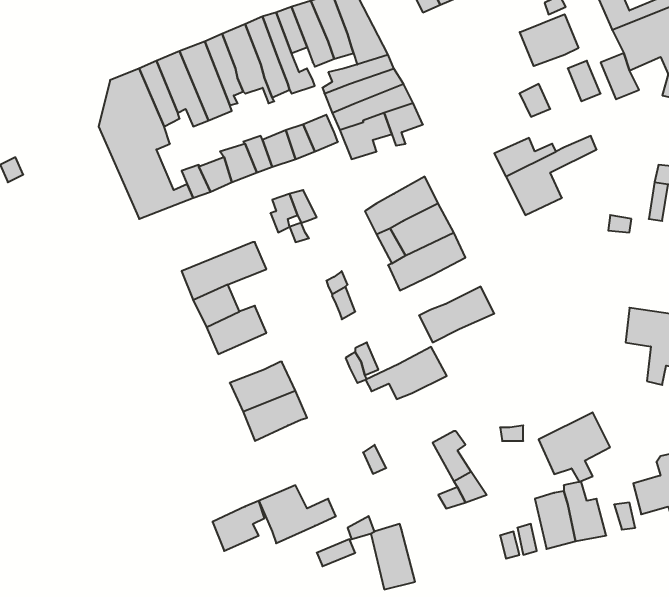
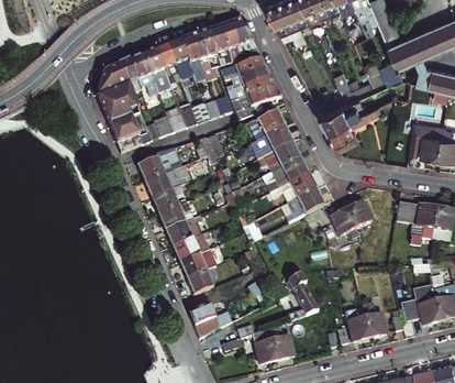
building: [520,14,578,66] -> none
building: none -> [248,114,284,145]
building: none -> [138,151,186,185]
building: none -> [166,217,203,249]
building: [366,347,447,399] -> [269,177,315,207]
building: [539,412,610,482] -> [331,207,371,247]
building: [212,501,265,551] -> [187,270,217,298]
building: none -> [270,329,296,362]

